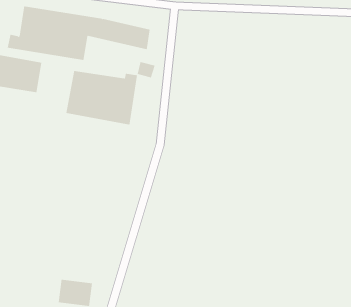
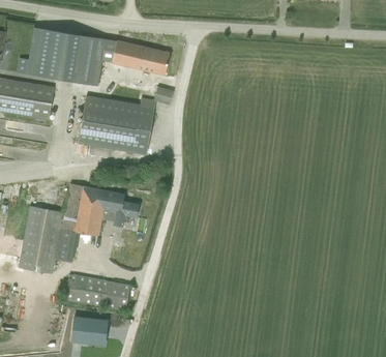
building: none -> [18,183,139,274]
building: none -> [64,273,129,309]

